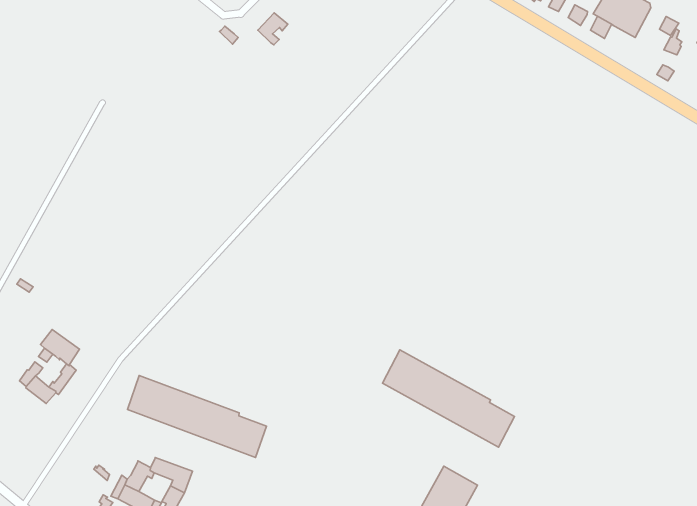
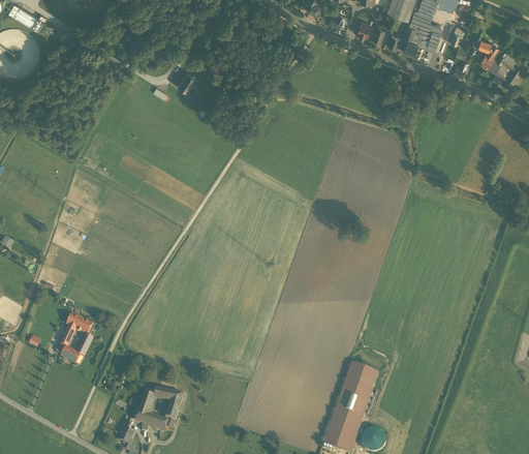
building: [382,350,515,447] -> none
building: [128,376,266,457] -> none

